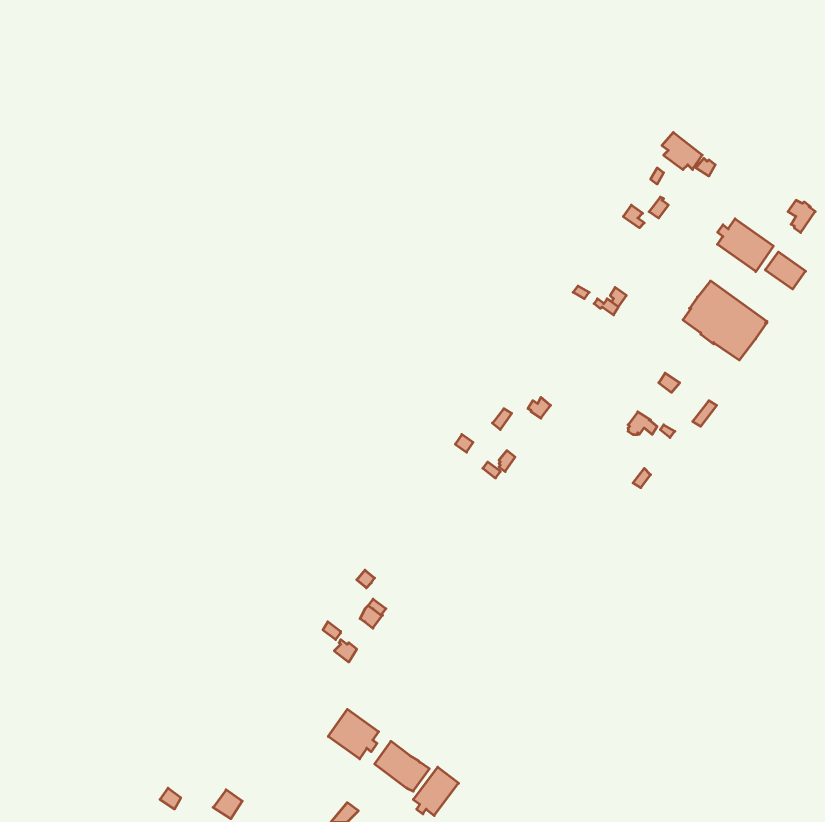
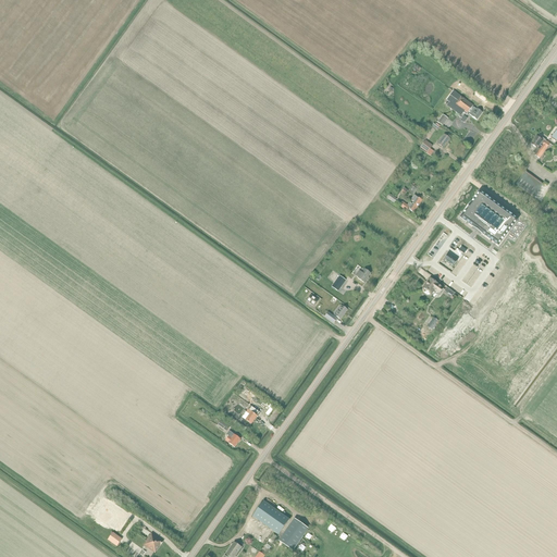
building: [717,219,773,272] -> none
building: [328,709,379,759] -> none

